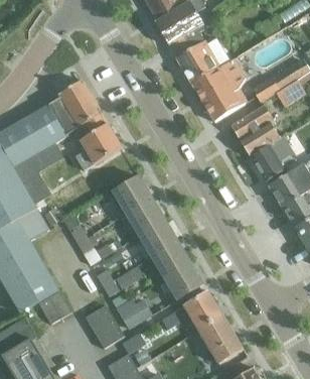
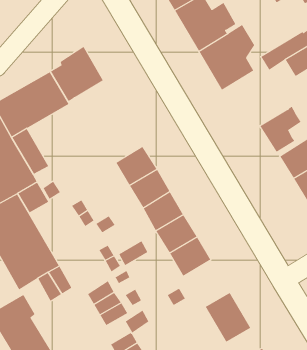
building: [231,105,280,156] -> none
building: [73,113,122,170] -> none
building: [184,291,222,330] -> none

